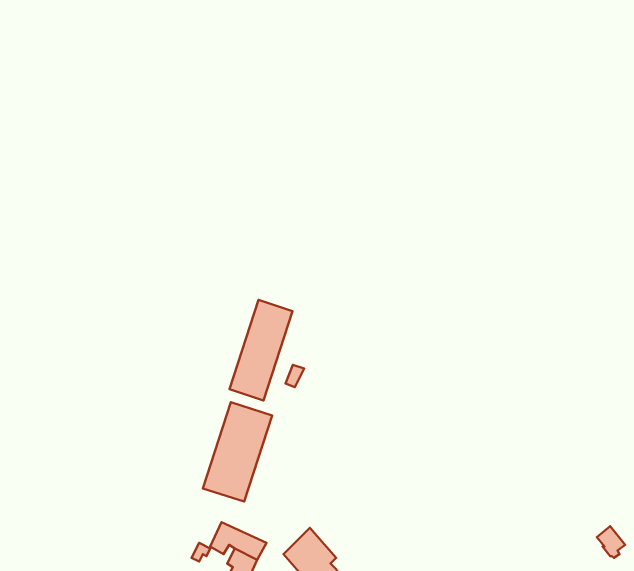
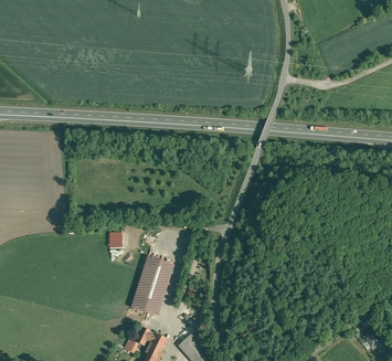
building: [229,300,293,401] -> none

